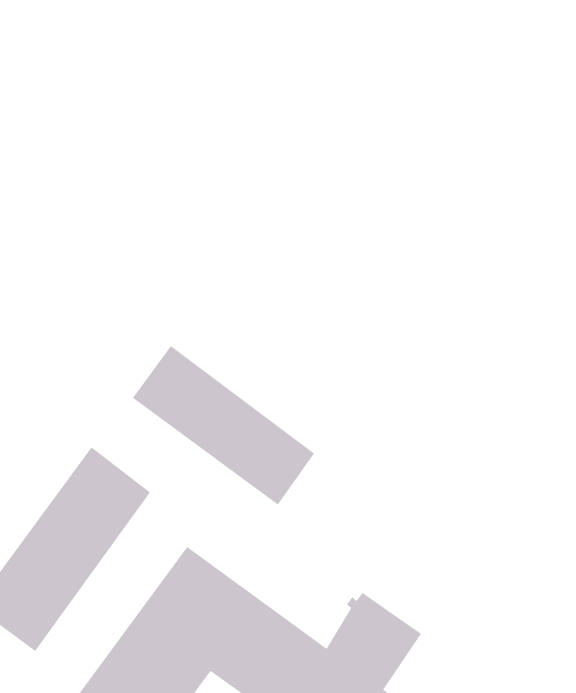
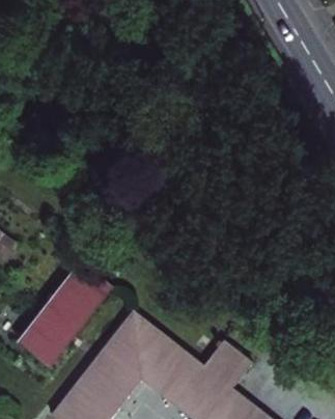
building: [132,345,315,506] -> none

